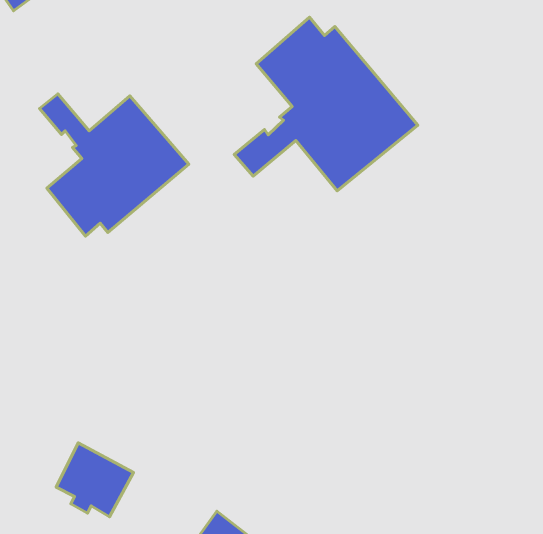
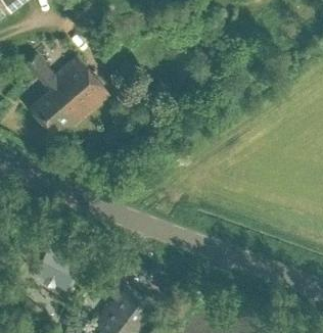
building: [234,17,418,191] -> none

